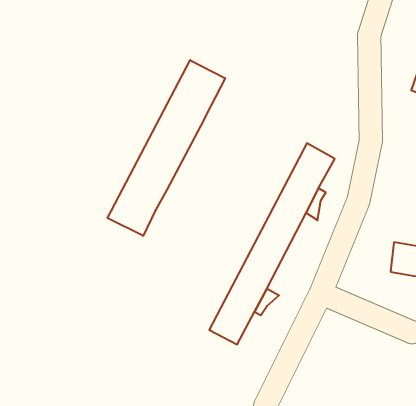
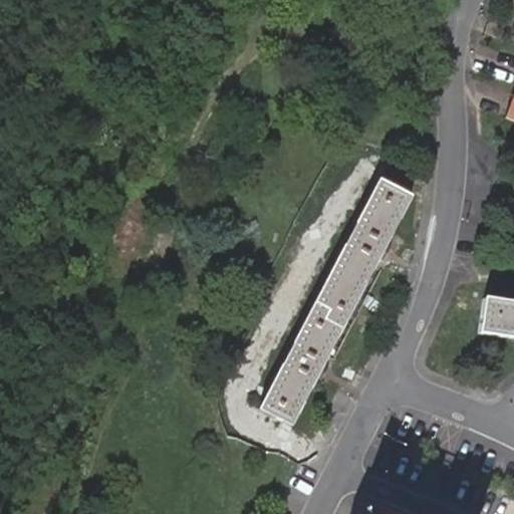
building: [107,60,225,236] -> none

